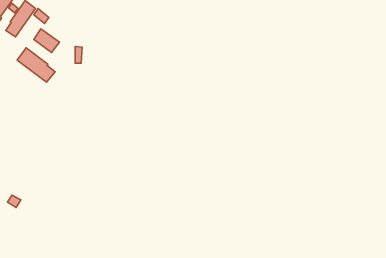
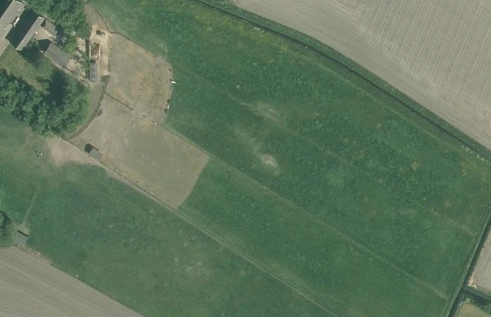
building: [17,48,55,82] -> none

